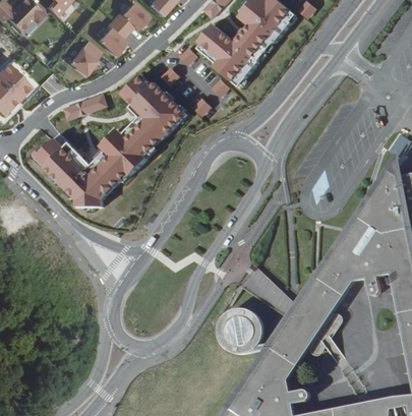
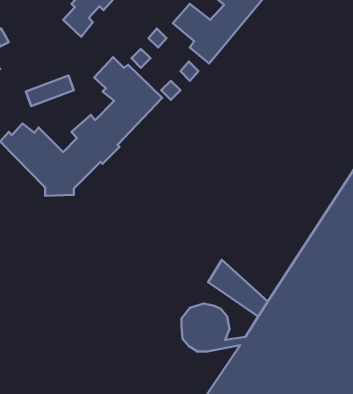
building: [69,39,102,75] -> none

